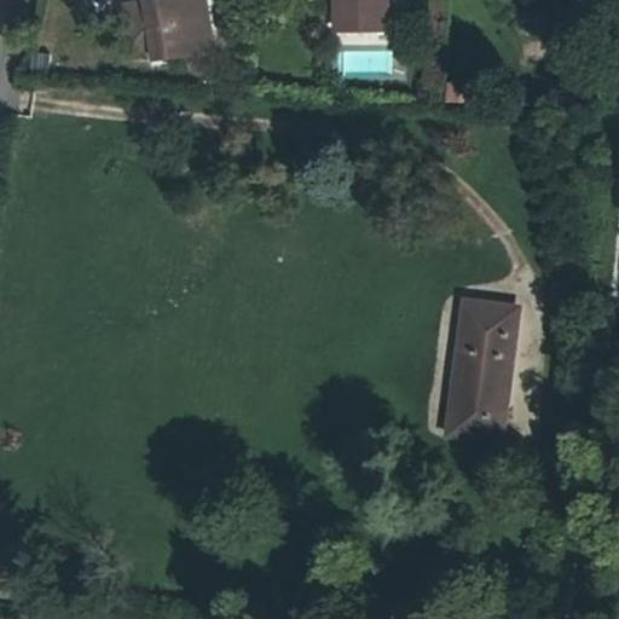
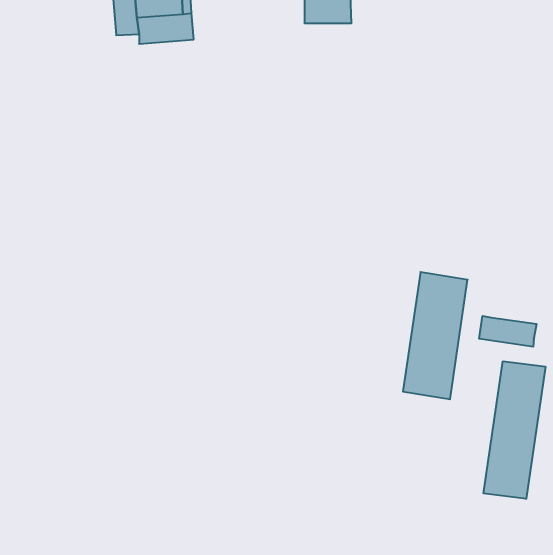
building: none -> [479,316,537,347]
building: none -> [484,361,545,499]

